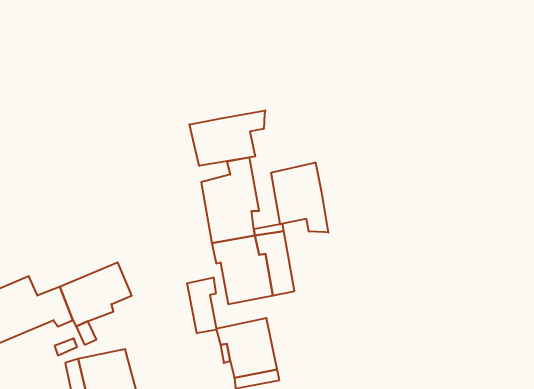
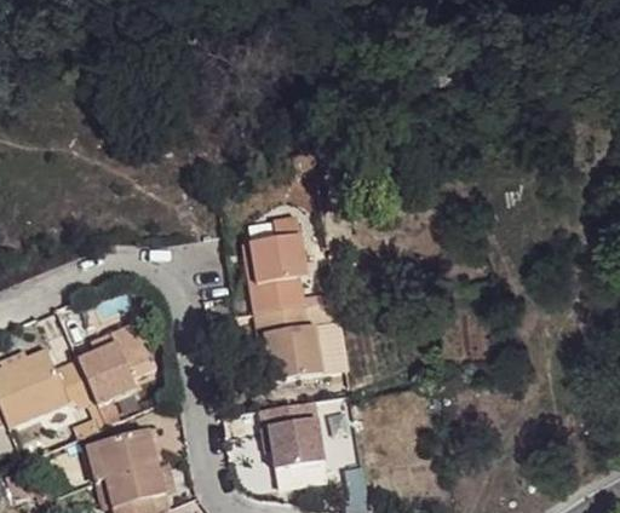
building: [189,110,265,166] -> none
building: [271,162,328,233] -> none
building: [187,277,216,333] -> none

